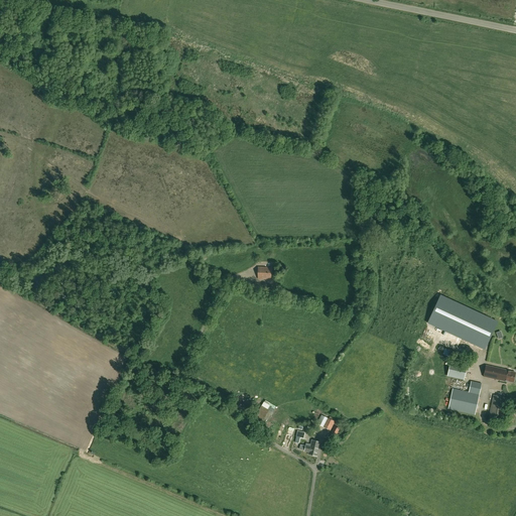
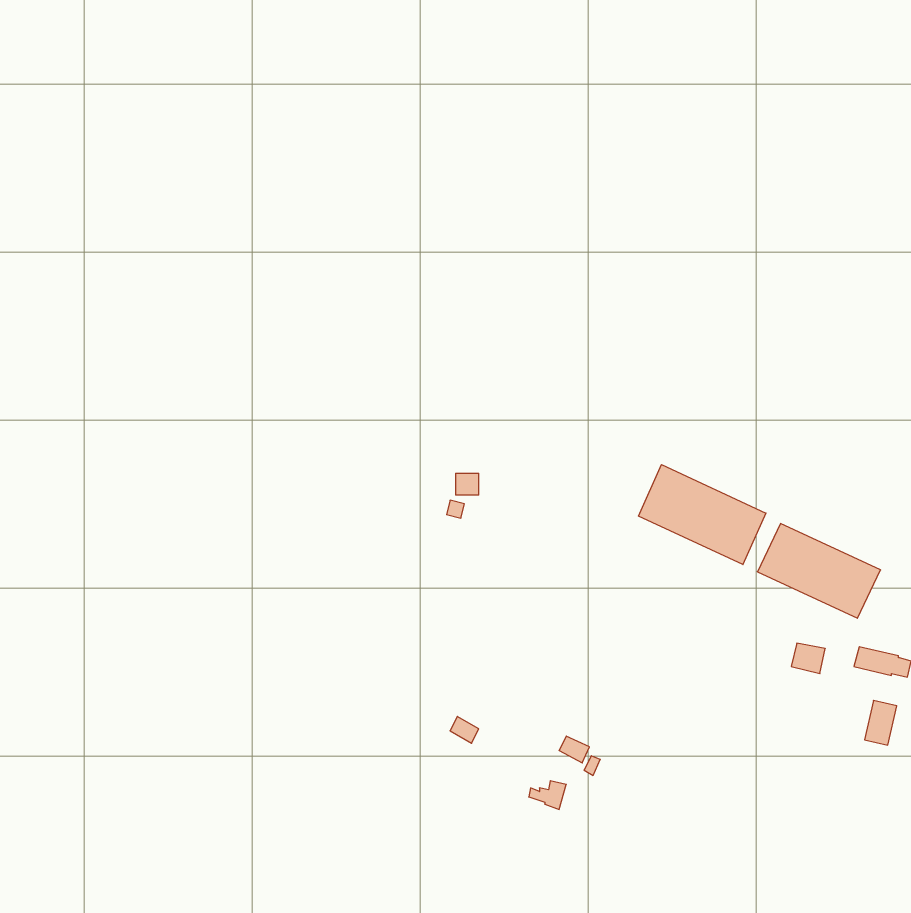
building: none -> [638,465,766,565]
building: [447,381,481,414] -> none

